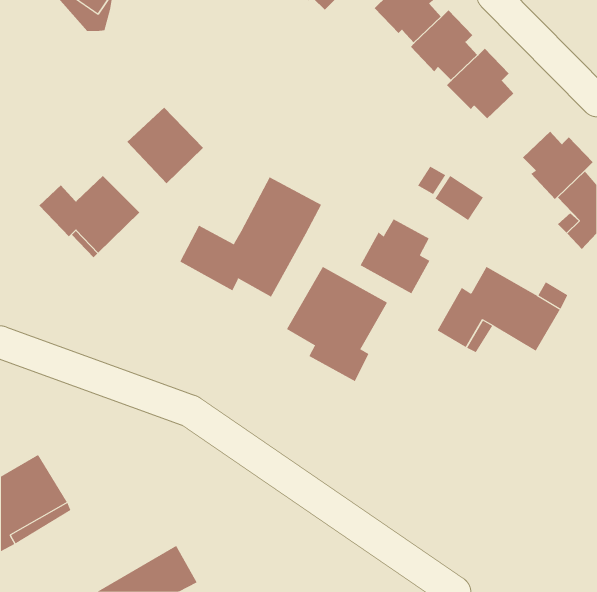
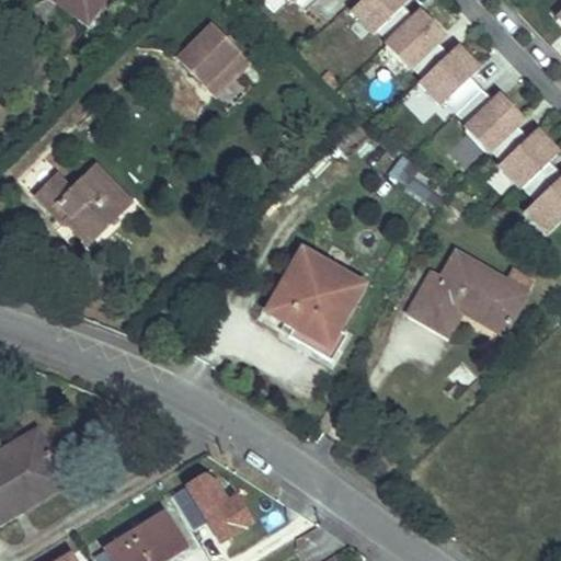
building: none -> [457,88,523,151]
building: [127,107,204,184] -> [176,22,249,94]
building: [179,176,322,297] -> none
building: [360,218,430,294] -> none
building: none -> [176,469,253,549]

